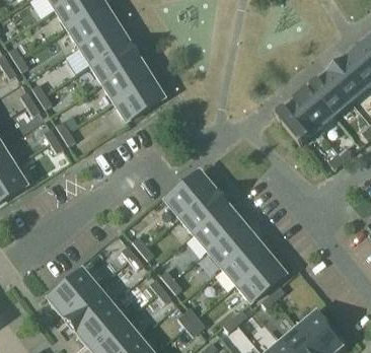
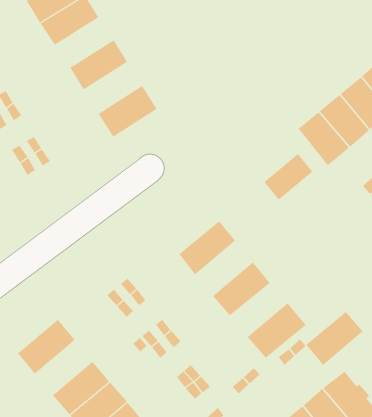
building: [79,21,128,63] -> none
building: [102,58,151,100] -> none
building: none -> [263,153,313,200]
building: [165,169,214,215] -> none
building: [194,204,241,250] -> none
building: [222,238,270,283] -> [305,311,364,366]
building: [63,285,110,331] -> none

